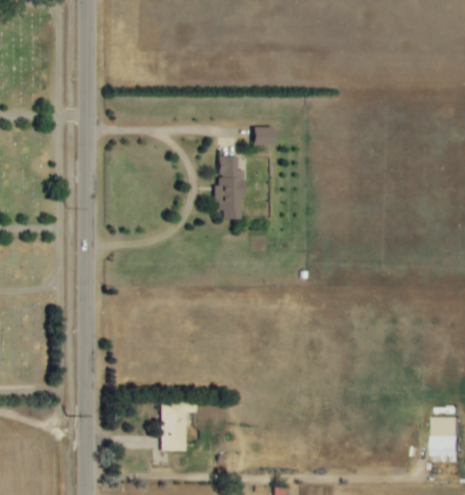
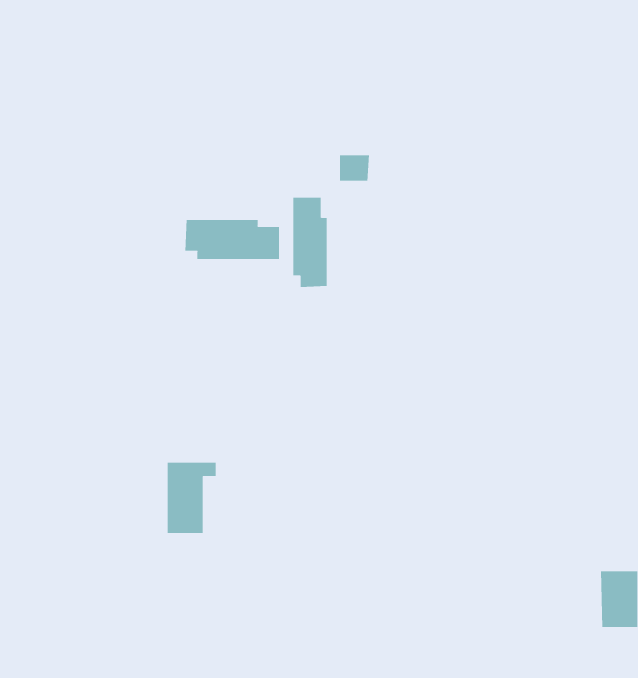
building: none -> [185,219,279,260]
building: [161,402,196,452] -> [167,462,216,534]

